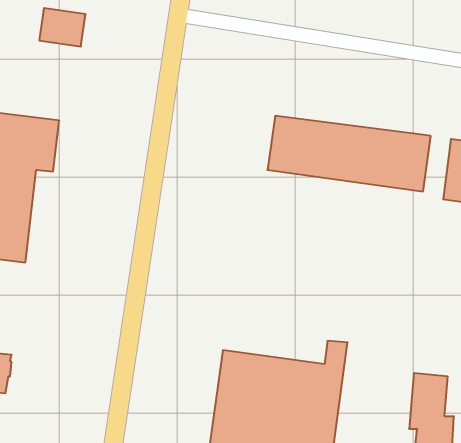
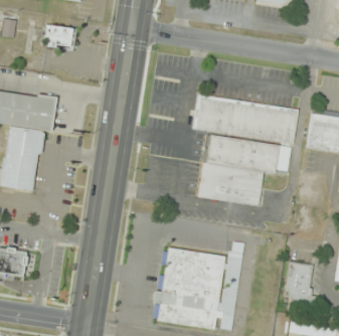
building: none -> [198,134,291,206]

